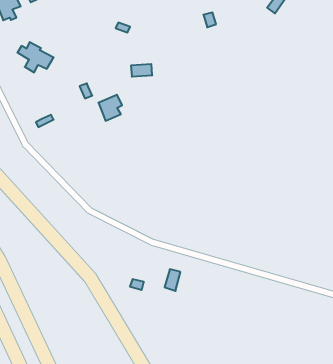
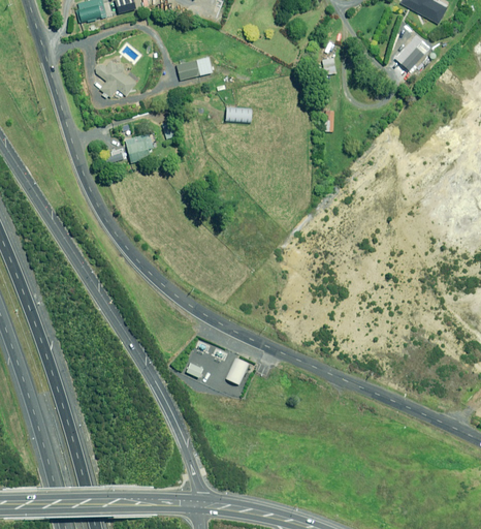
building: none -> [177,55,213,79]
building: [98,95,122,121] -> [125,132,153,161]

